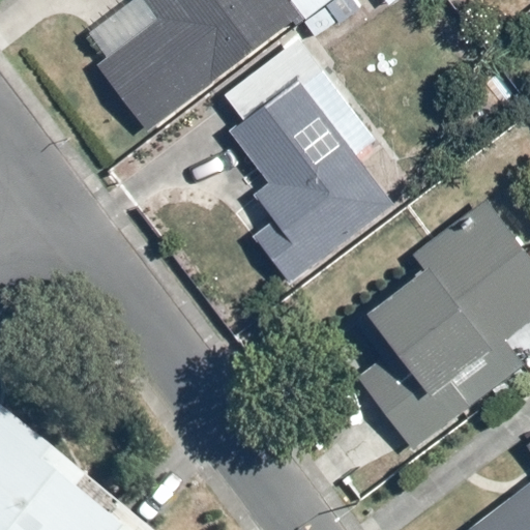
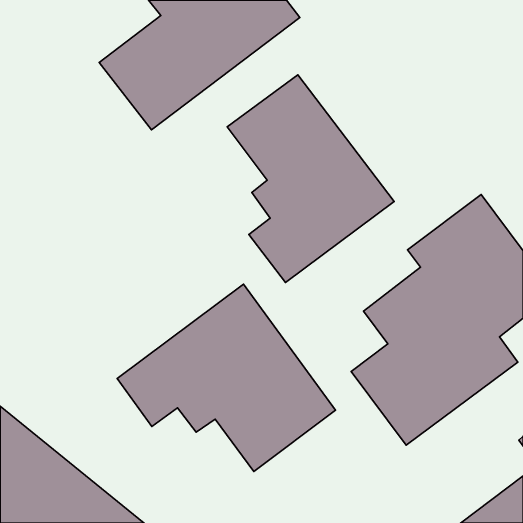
building: none -> [117,284,336,471]

